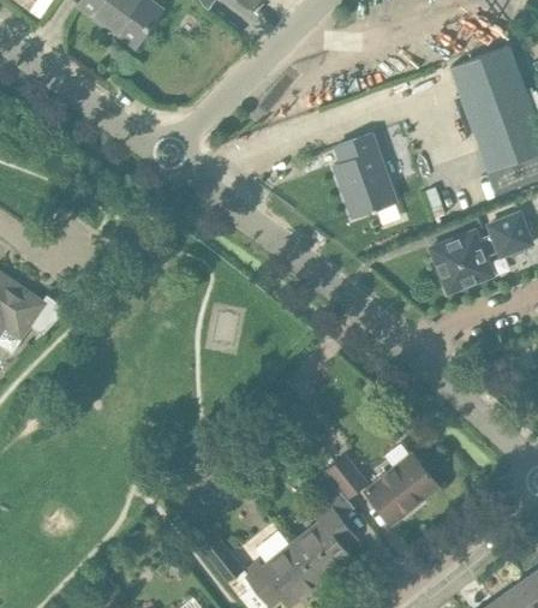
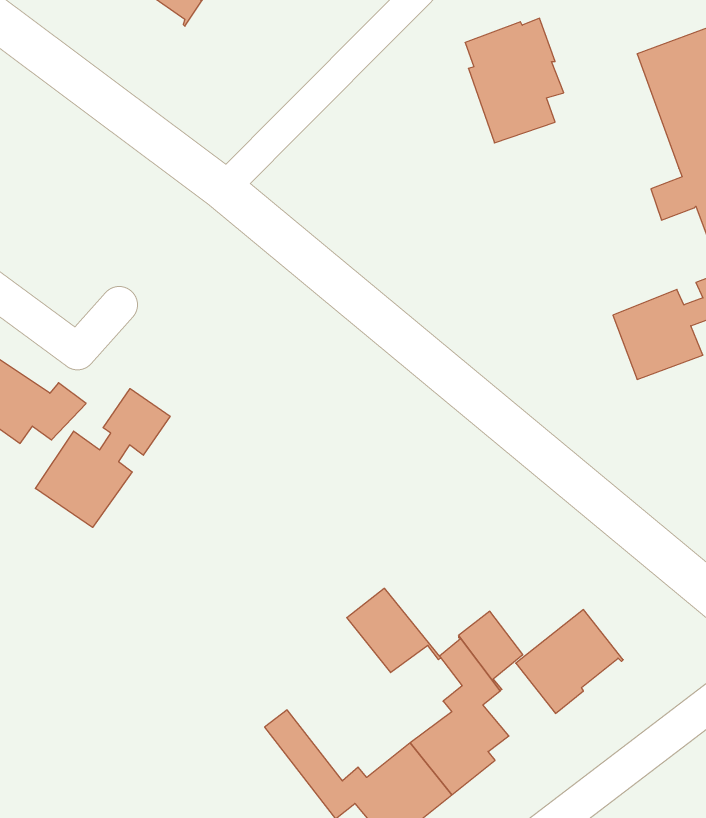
building: [333,130,401,216] -> [465,18,564,143]
building: none -> [35,389,170,527]
building: none -> [347,588,441,673]

